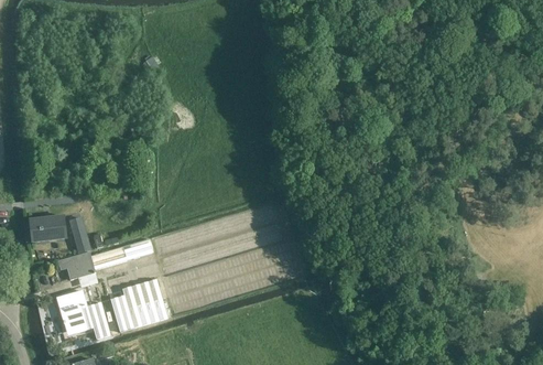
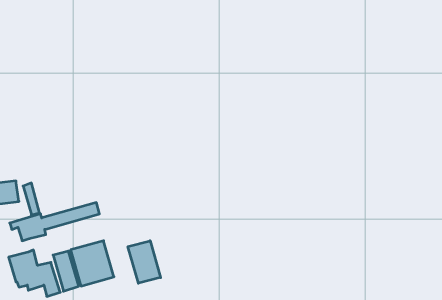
building: none -> [128,241,161,283]

